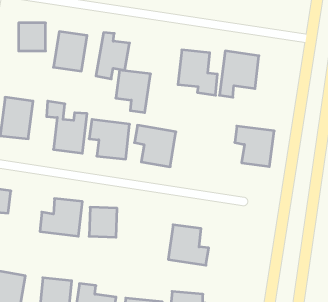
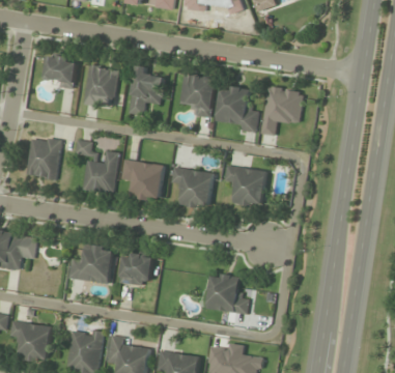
building: [116,70,151,113] -> [179,73,217,118]
building: [235,126,274,167] -> [224,164,266,207]

